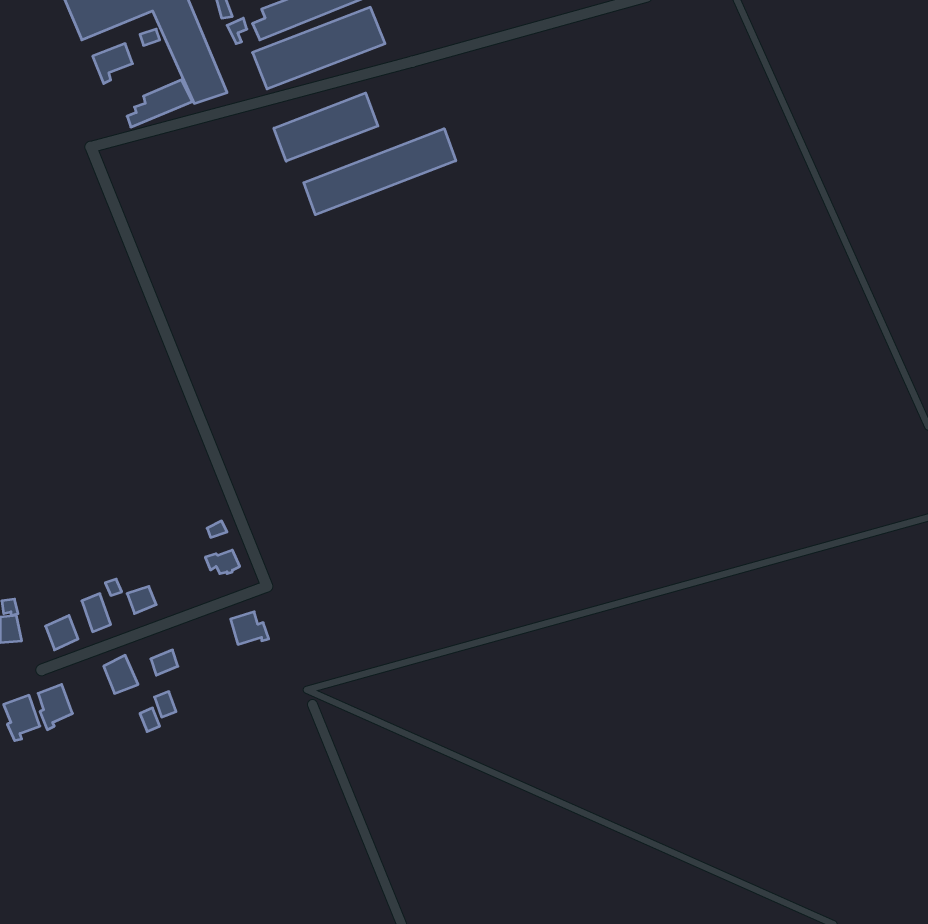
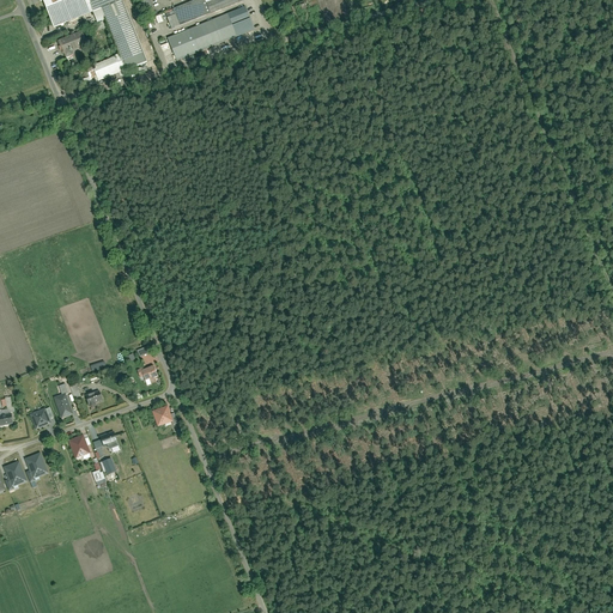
building: [274,93,378,161] -> none
building: [304,129,456,215] -> none

